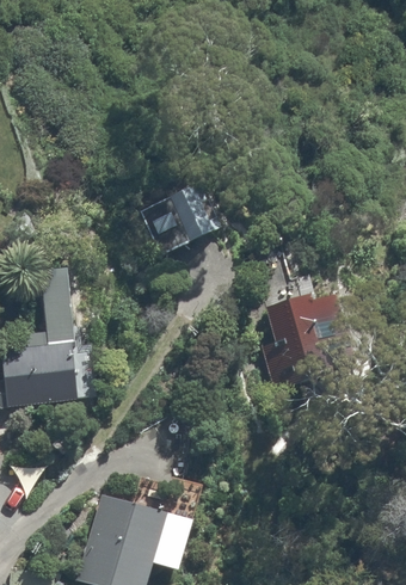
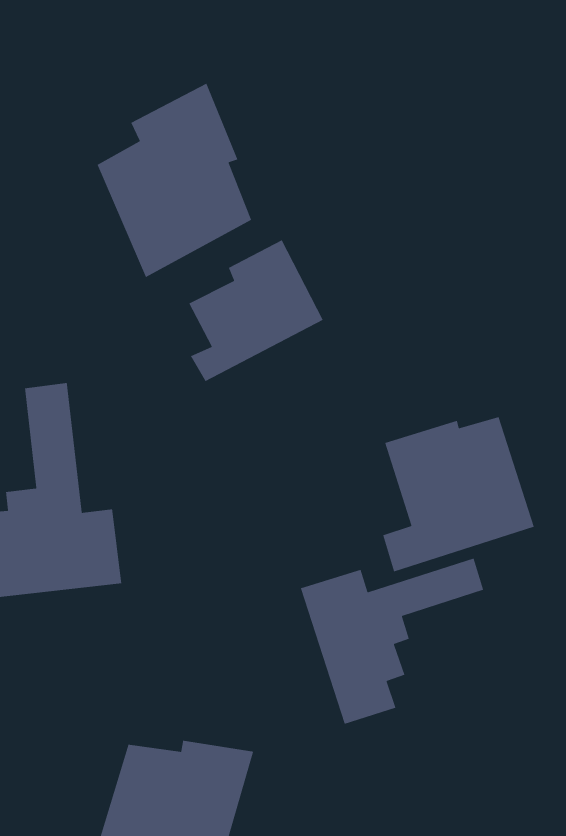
building: none -> [96,83,252,278]
building: none -> [300,558,484,725]

